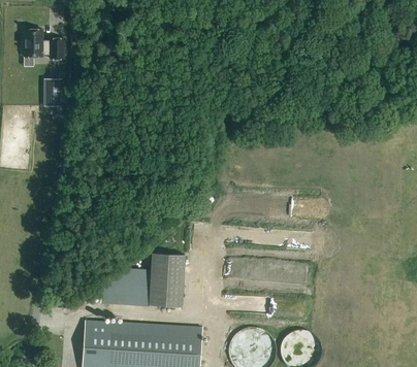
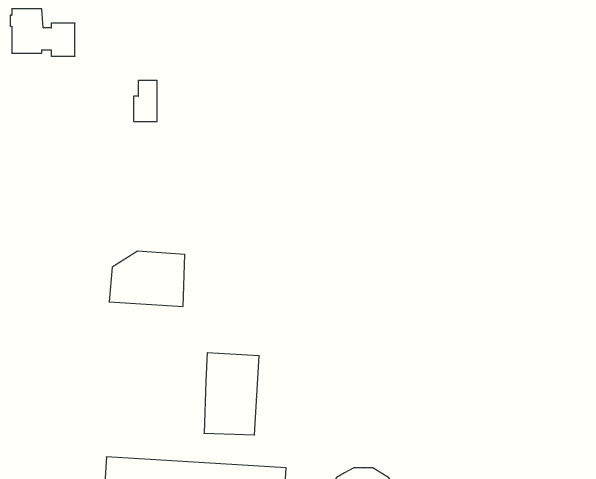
building: [46,78,62,105] -> [134,80,157,121]
building: [100,269,150,305] -> [109,251,185,306]

